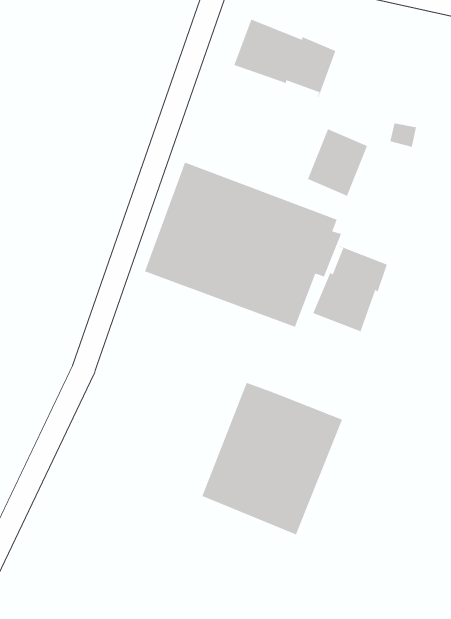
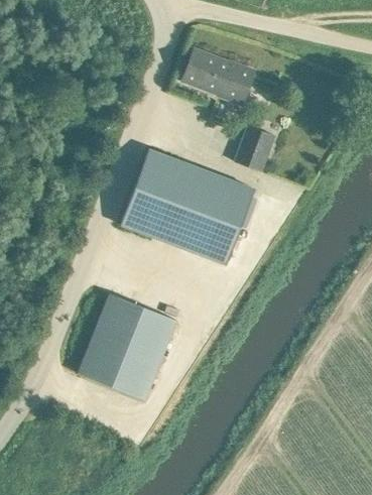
building: [312,245,387,332] -> none
building: [201,382,343,535] -> [78,293,176,400]

